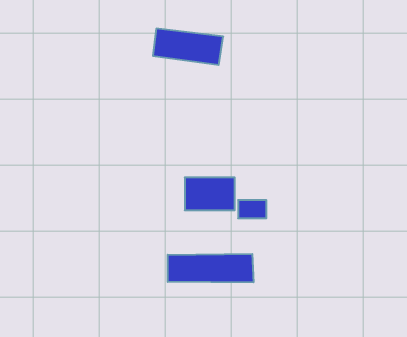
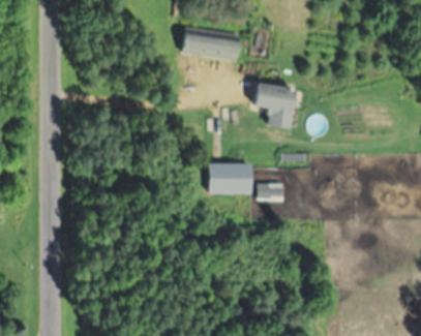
building: none -> [252,83,299,129]
building: [168,254,253,282] -> none

